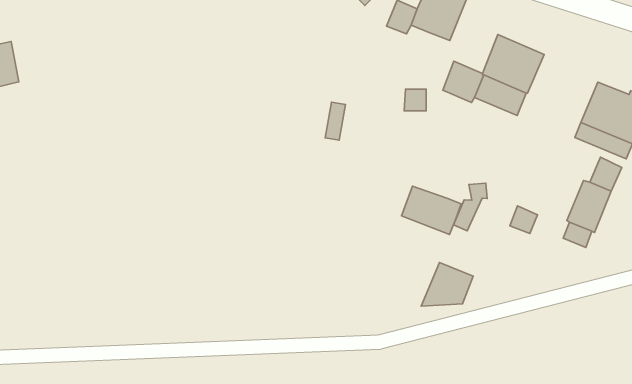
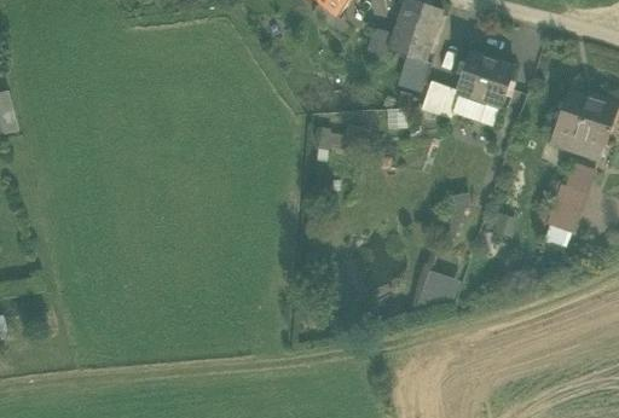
building: none -> [397,53,430,91]
building: [402,186,461,234] -> none

